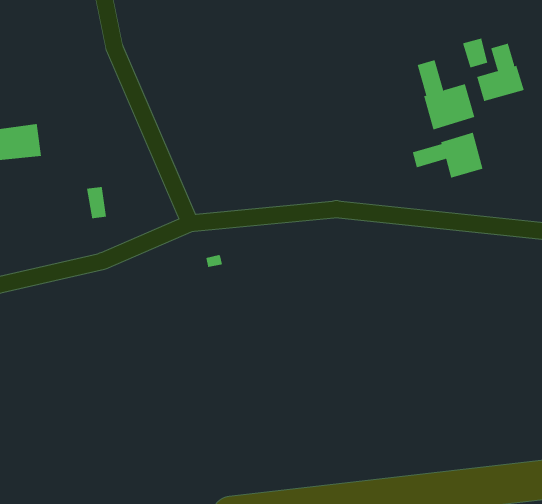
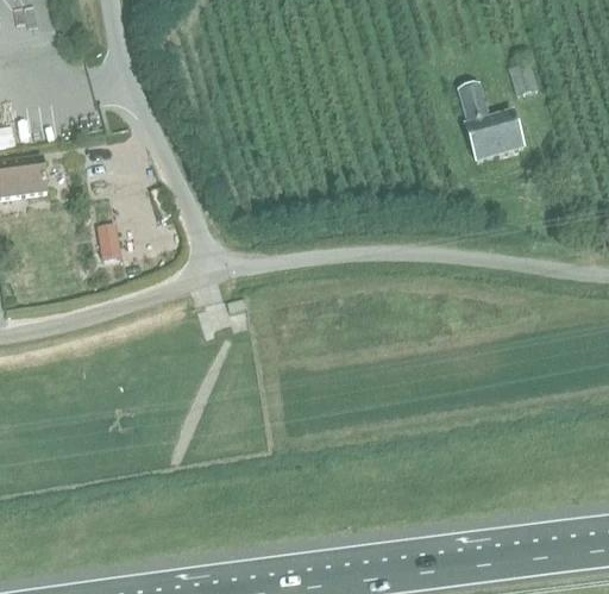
building: [476,43,524,102] -> none
building: [412,132,483,178] -> none

